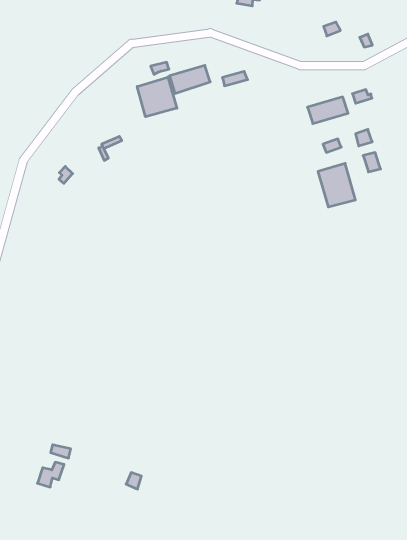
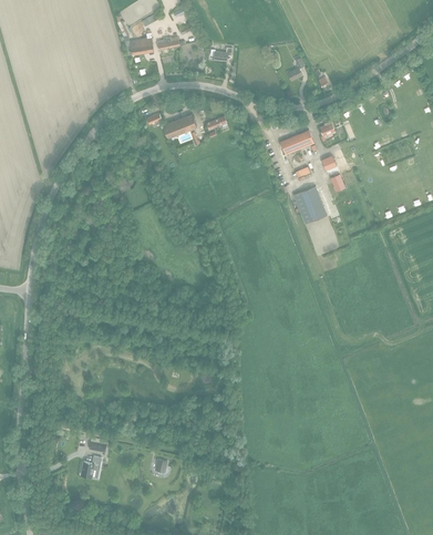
building: [137,77,177,117] -> none

